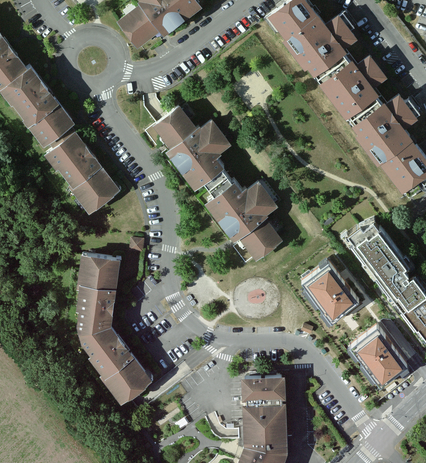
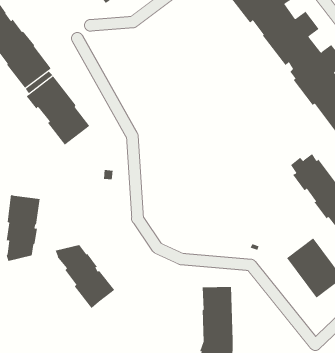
building: [153,105,284,261] -> none
building: [75,256,115,334] -> [6,195,40,262]
building: [300,260,361,324] -> none

